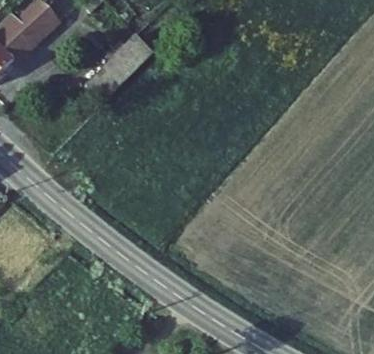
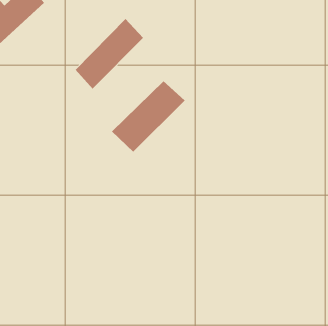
building: none -> [111,80,185,153]

